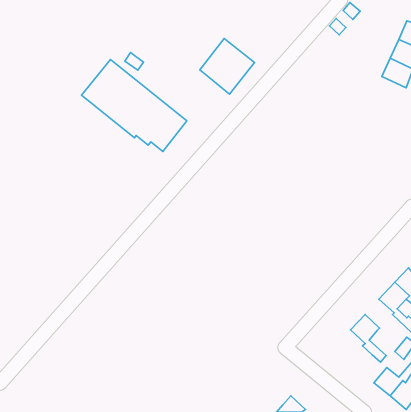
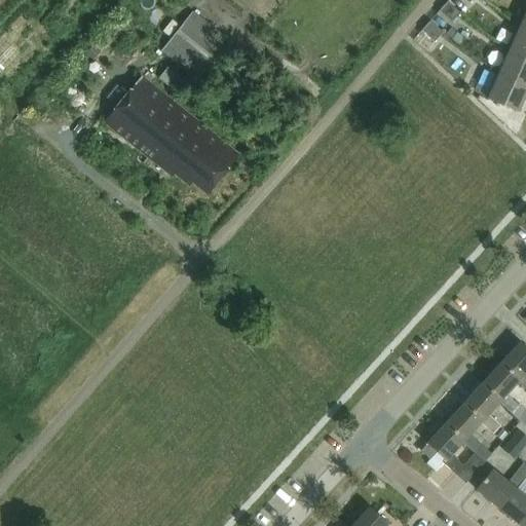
building: [200,38,255,94] -> [162,10,232,81]
building: none -> [466,381,503,434]
building: none -> [422,420,486,482]

